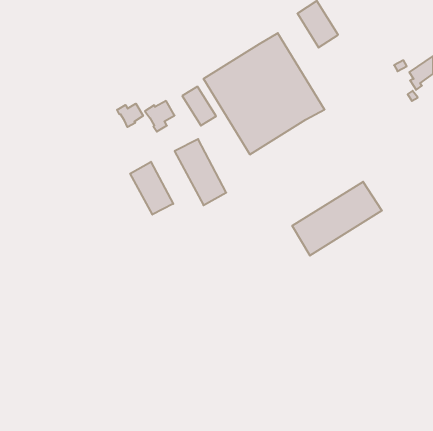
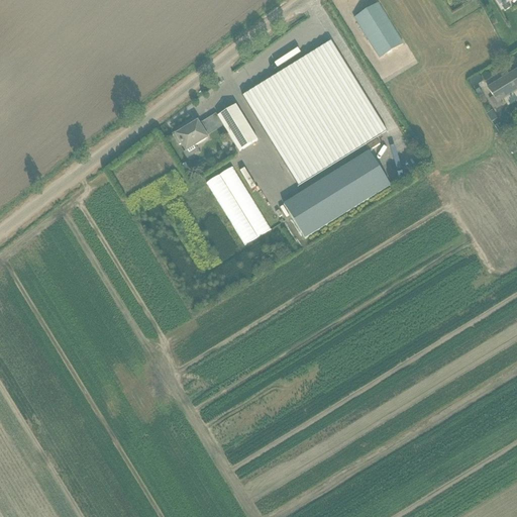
building: [117,104,143,127] -> none
building: [130,162,173,215] -> none
building: [292,182,382,256] -> [284,149,391,237]

